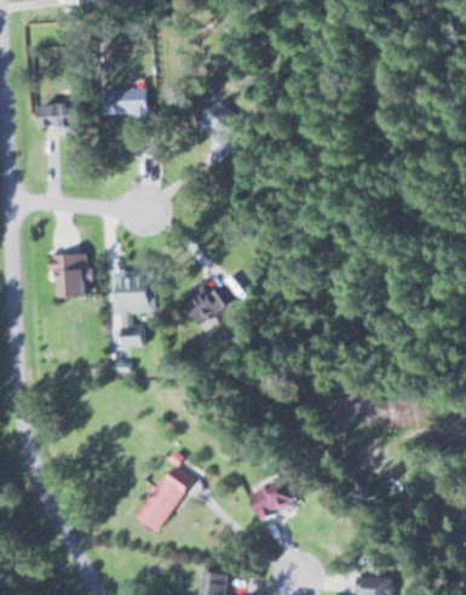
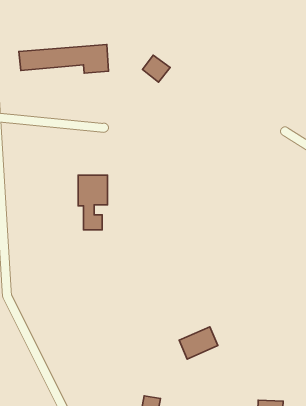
building: [53,253,87,297] -> none
building: [190,285,234,321] -> none
building: [133,465,192,531] -> none

